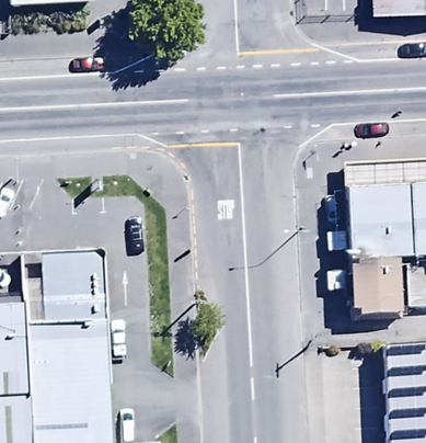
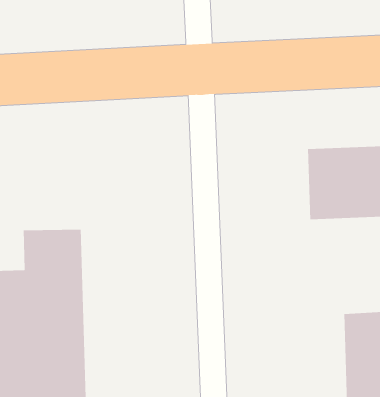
building: [349,250,401,326] -> none

